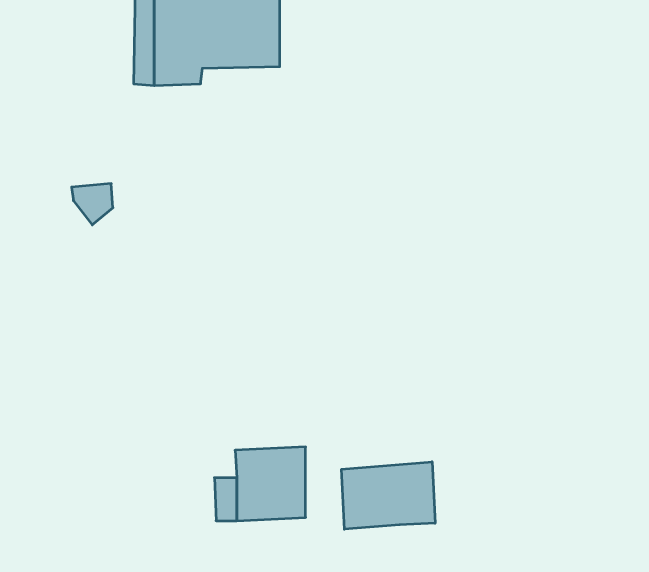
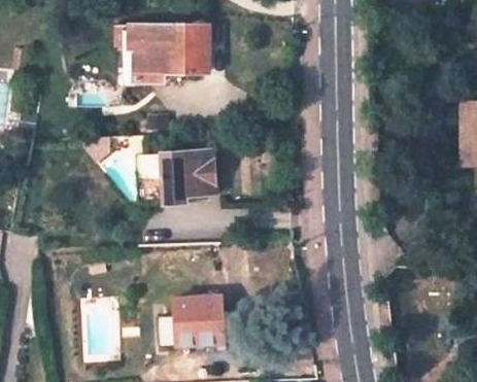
building: none -> [138,153,217,207]
building: [342,462,435,529] -> none

